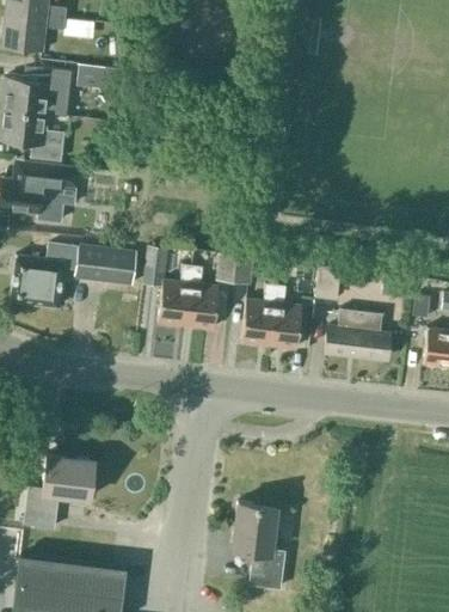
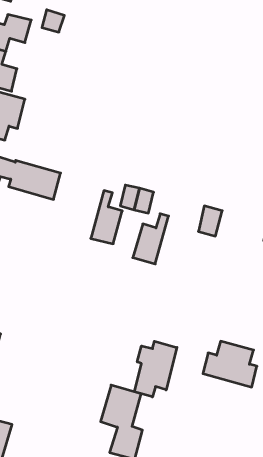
building: [144,246,193,326] -> none
building: [270,284,302,349] -> none
building: [326,310,390,360] -> [203,341,257,387]
building: none -> [134,341,177,397]

